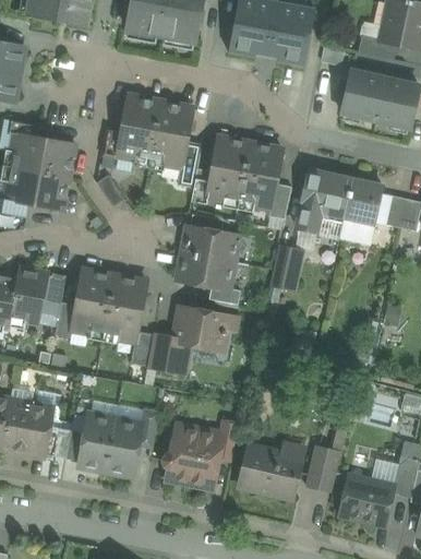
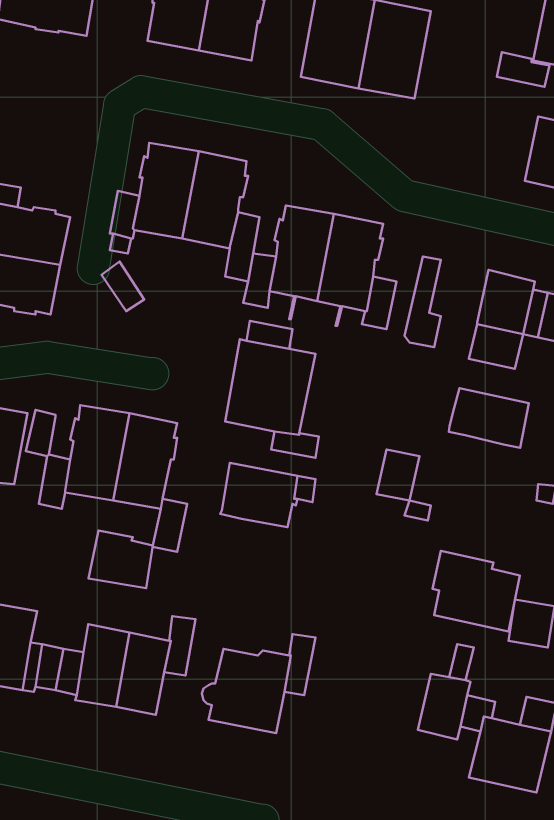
building: [341,70,385,120] -> none
building: [313,173,352,214] -> none
building: [272,246,300,280] -> [377,450,419,501]
building: none -> [449,388,529,448]
building: [146,334,189,372] -> [89,531,153,588]
building: [242,444,300,498] -> [433,551,520,632]

